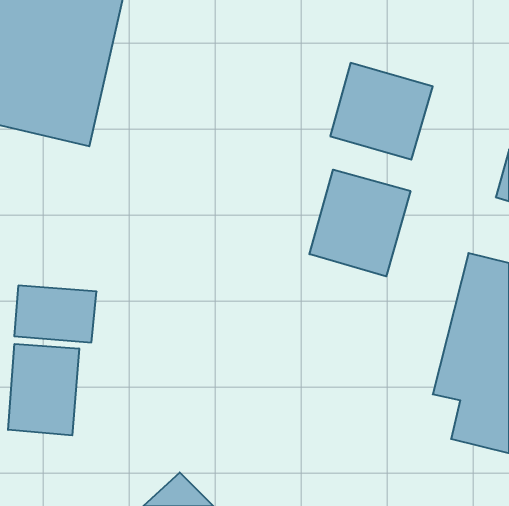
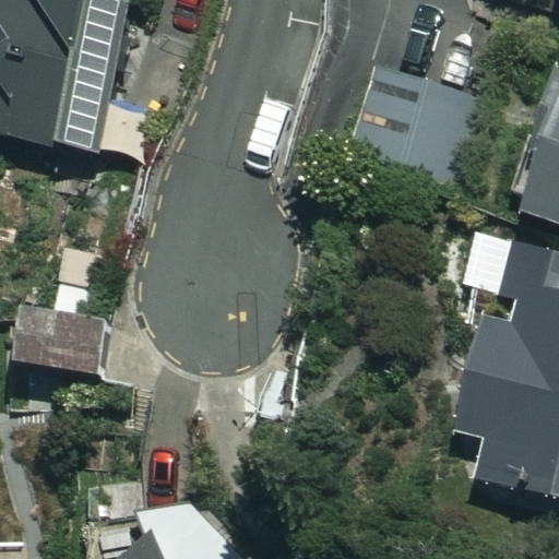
building: [309,170,410,276] -> none
building: [8,344,79,435] -> none

